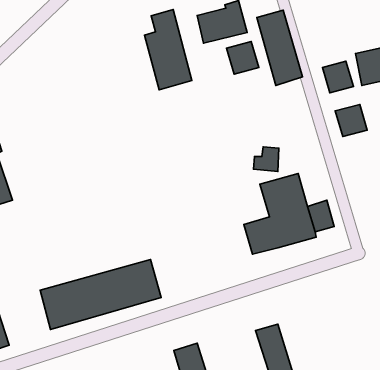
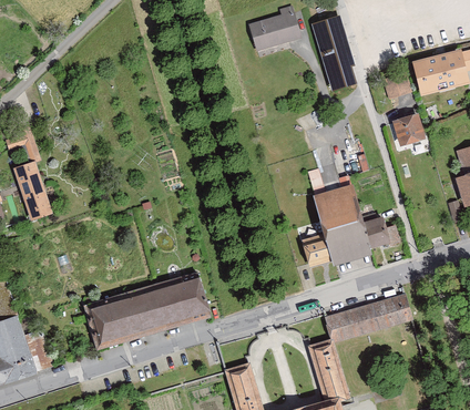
building: [145,10,192,90] -> none
building: [226,42,259,74] -> none
building: none -> [325,293,411,344]

